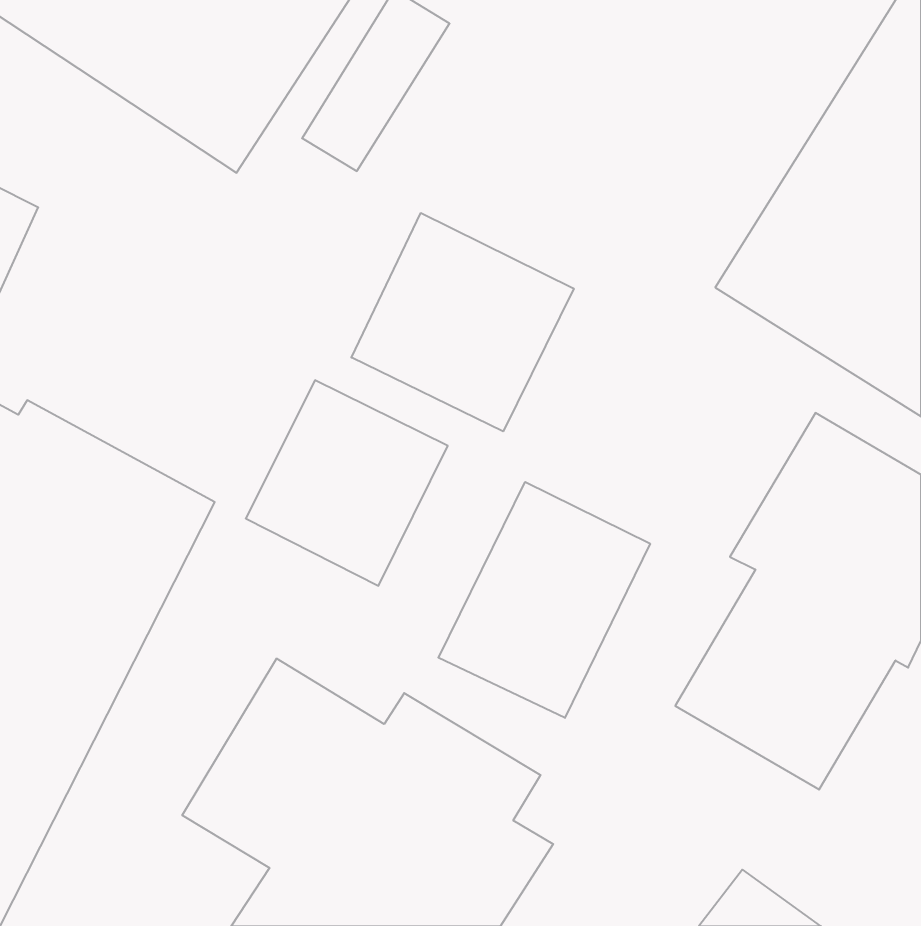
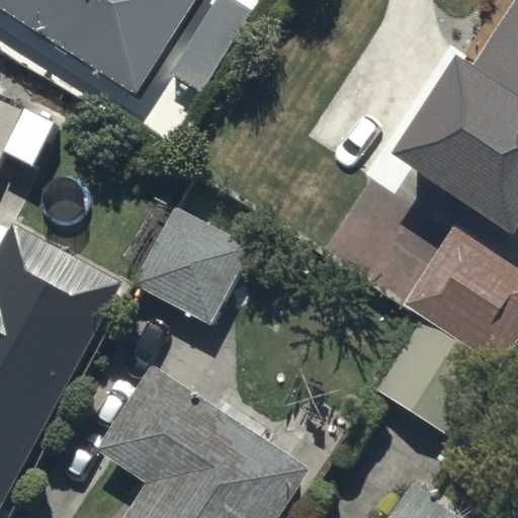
building: [351,213,574,431] -> none
building: [438,482,650,718] -> none

